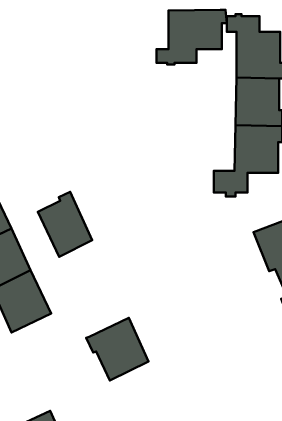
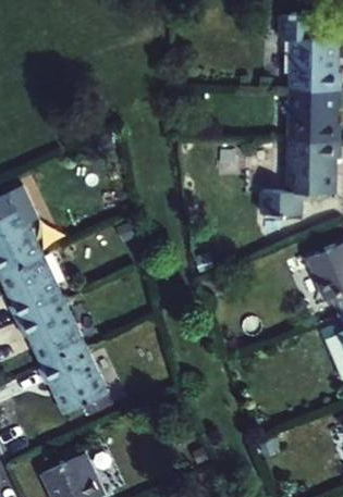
building: [156,10,227,64] -> none
building: [38,192,92,257] -> none
building: [86,318,149,380] -> [39,347,108,415]

